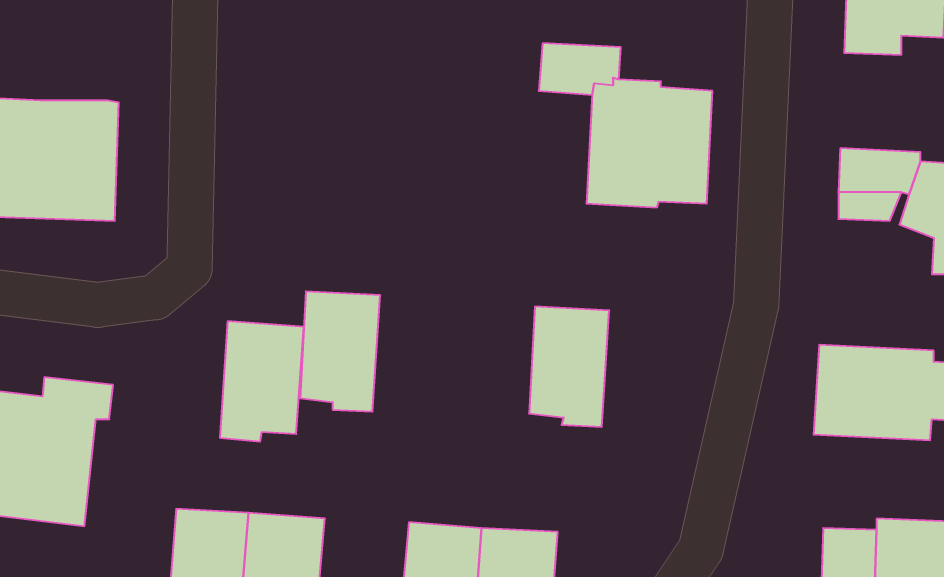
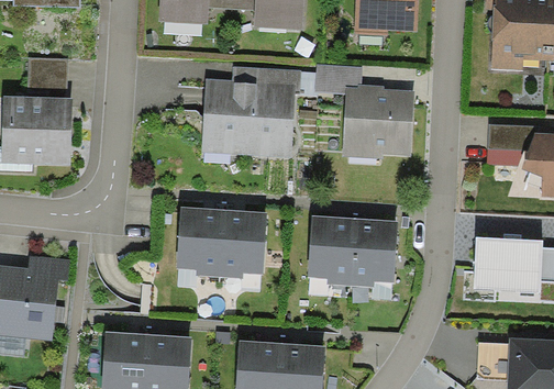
building: none -> [27,58,66,97]
building: none -> [201,66,300,157]
building: none -> [351,218,399,287]
building: [220,321,304,442] -> [219,209,267,278]

